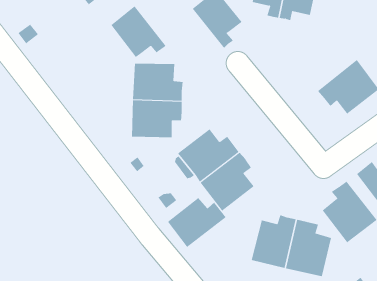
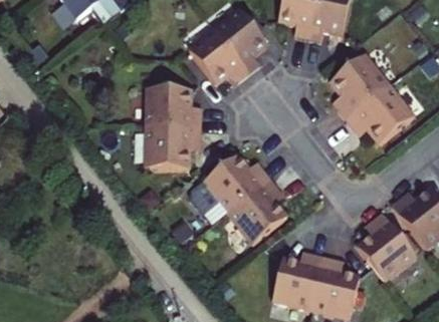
building: [110,6,166,58] -> [187,29,247,85]
building: none -> [332,52,391,117]
building: [167,197,227,248] -> none

